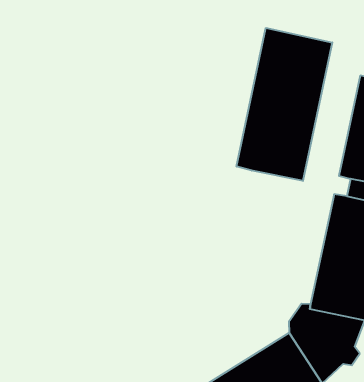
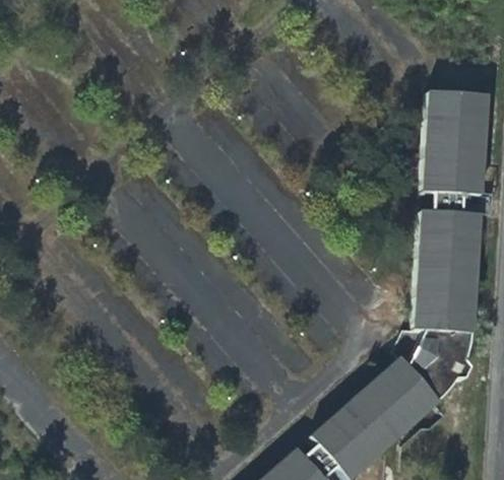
building: [237,28,332,181] -> none

